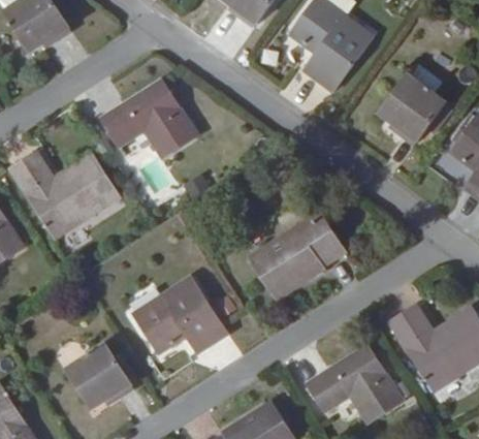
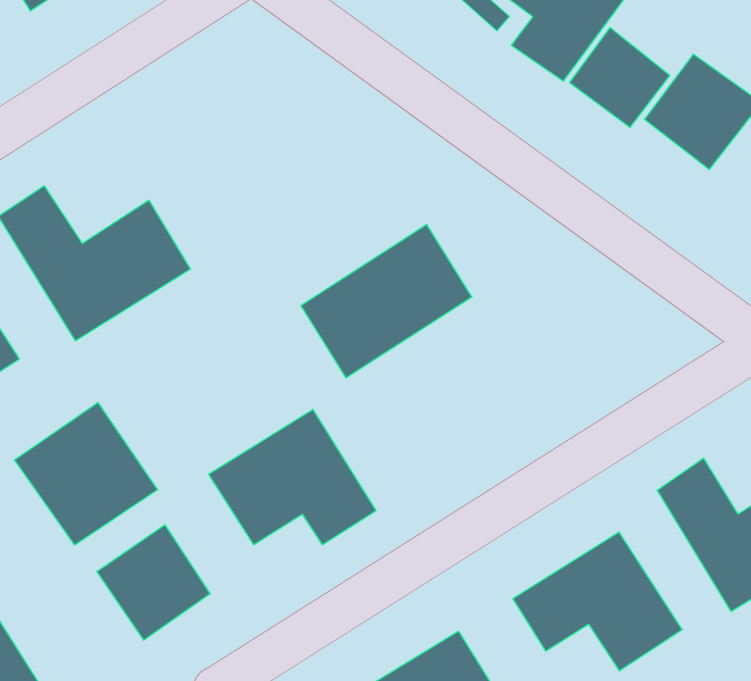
building: none -> [570,28,670,127]
building: [99,79,197,157] -> none
building: [247,207,345,294] -> [301,225,472,378]
building: none -> [14,403,158,545]

